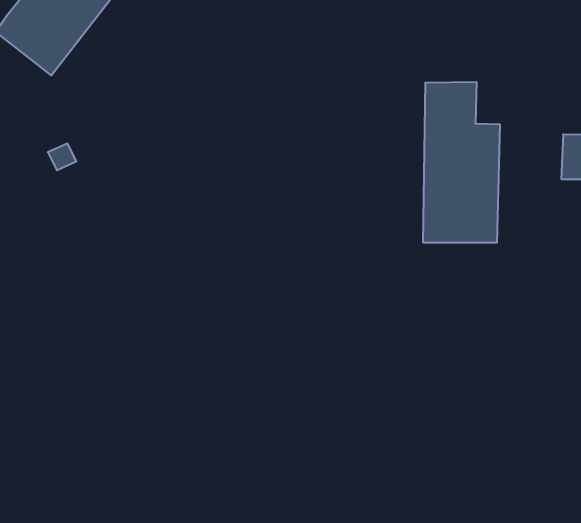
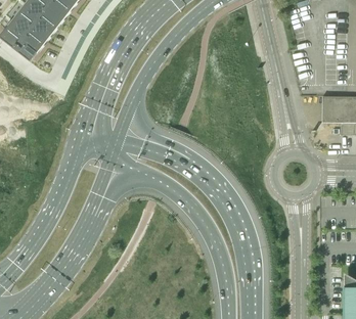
building: [423,82,500,243] -> none

